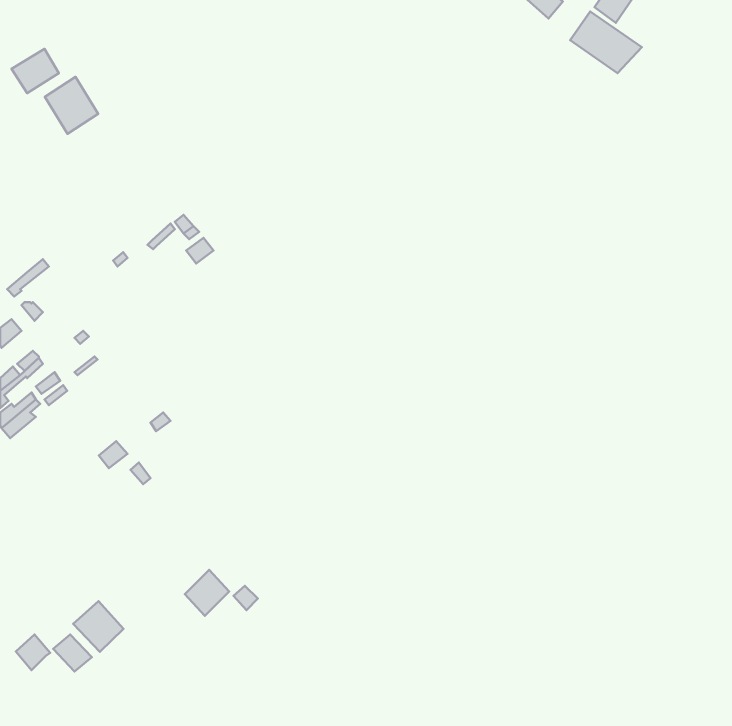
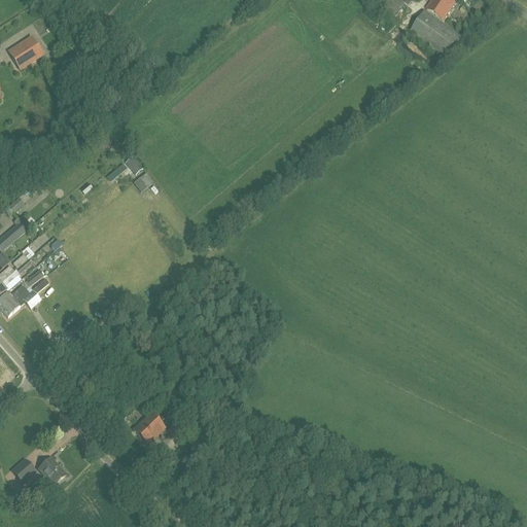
building: [45,77,98,134] -> none
building: [73,601,124,652] -> none

